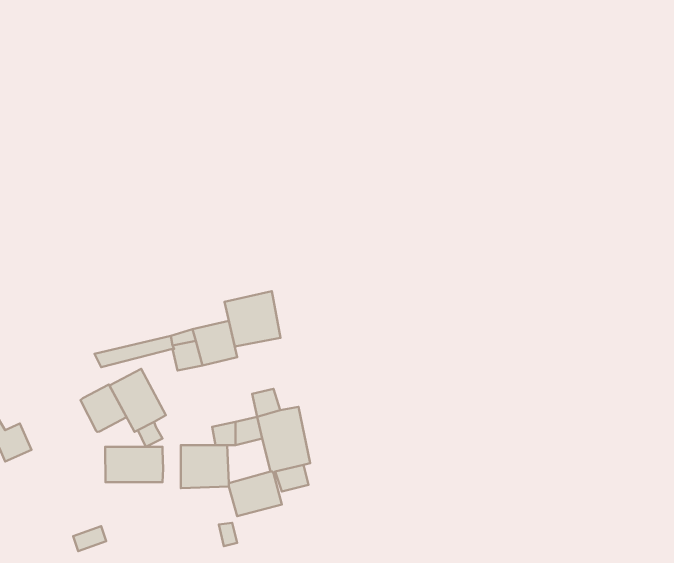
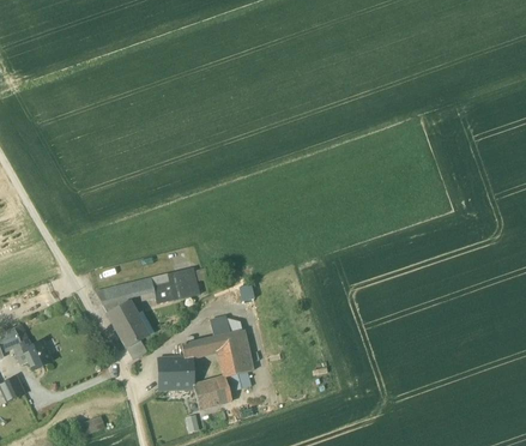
building: [225,291,281,346] -> none
building: [81,385,127,432] -> none
building: [105,447,163,482] -> none

